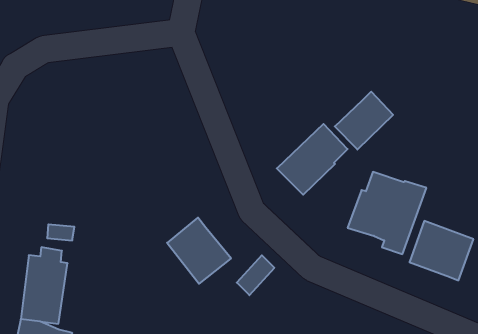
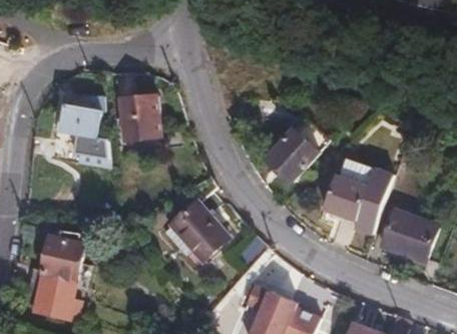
building: [335,92,393,150] -> none
building: none -> [59,94,109,168]
building: none -> [116,94,158,140]

